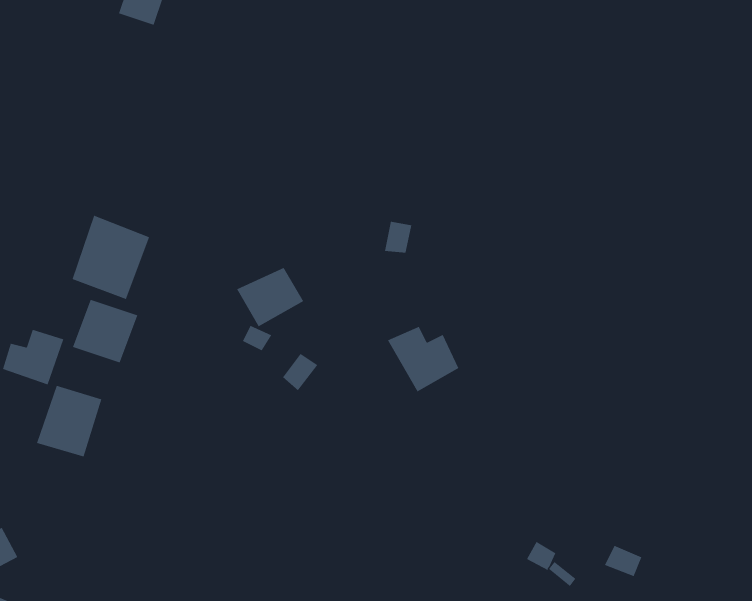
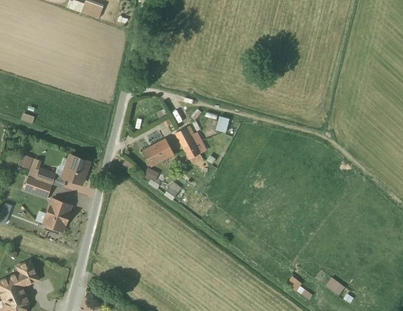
building: [72,215,150,300] -> none
building: [387,326,459,392] -> [173,126,209,159]

